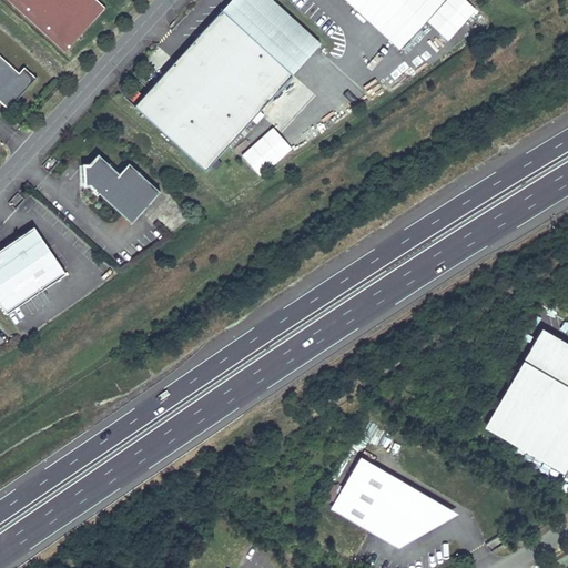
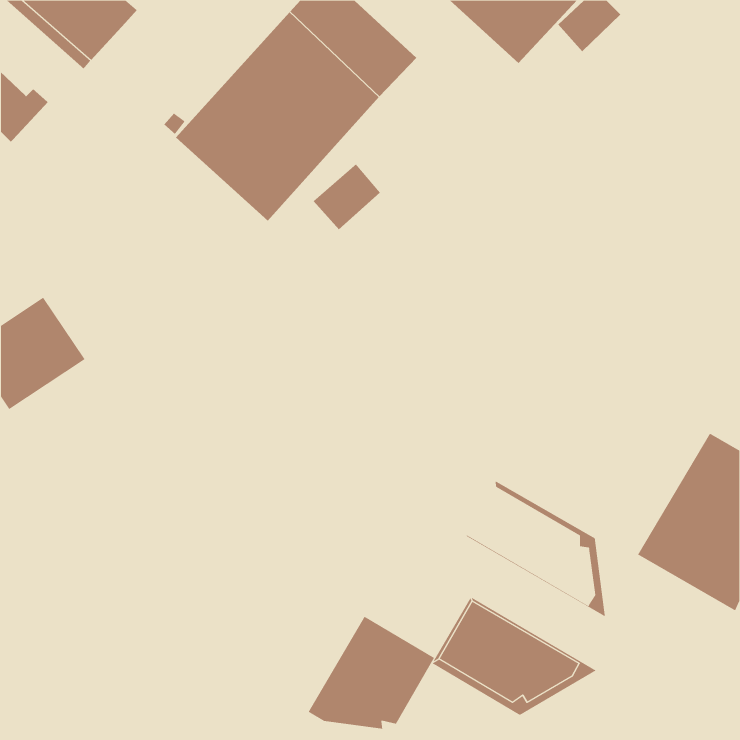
building: [84,155,161,224] -> none
building: none -> [463,480,605,618]
building: none -> [308,616,435,730]

